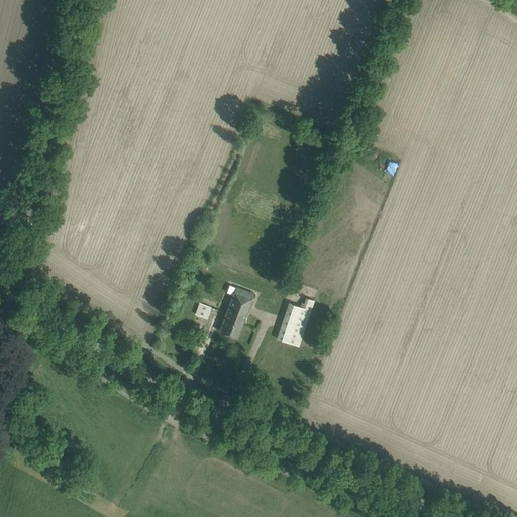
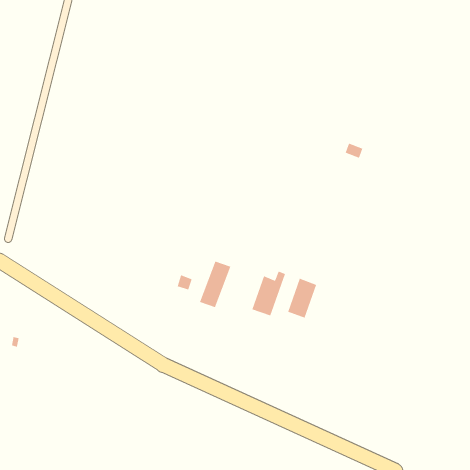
building: none -> [288,278,317,319]

